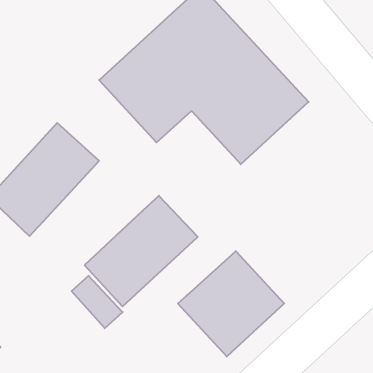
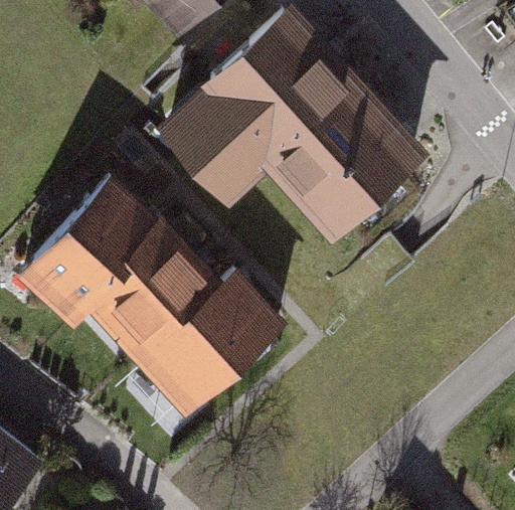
building: none -> [92,226,221,360]
building: [178,251,284,357] -> none

